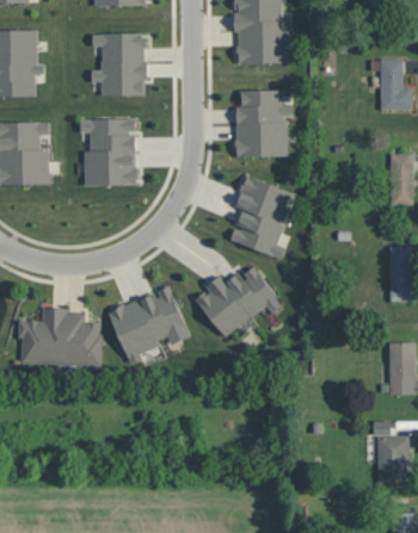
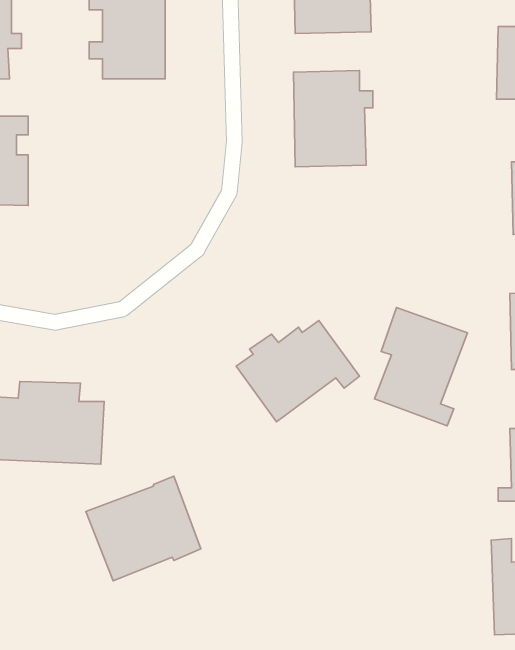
building: [79,118,135,185] -> none
building: [229,175,295,259] -> [374,308,467,426]
building: [107,285,189,359] -> [86,476,201,581]

